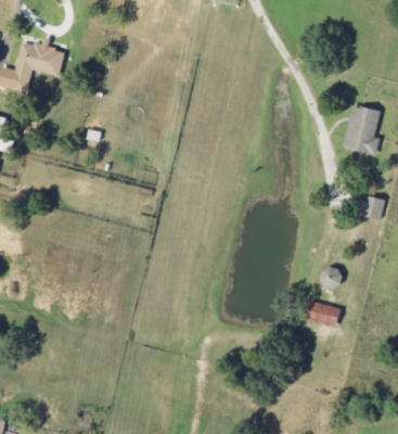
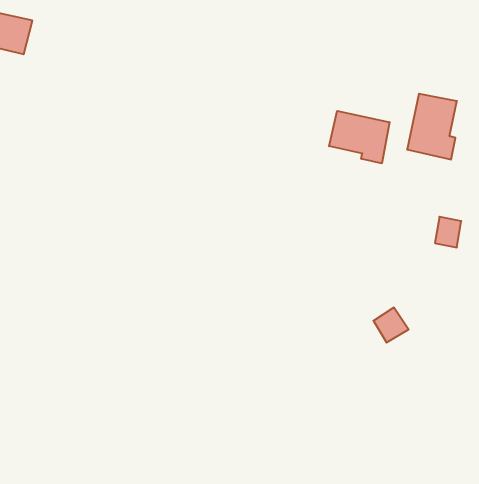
building: none -> [329,111,390,163]
building: [306,301,341,328] -> none

